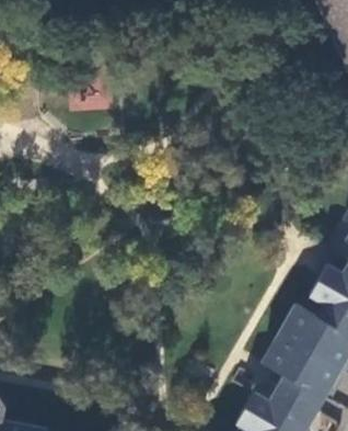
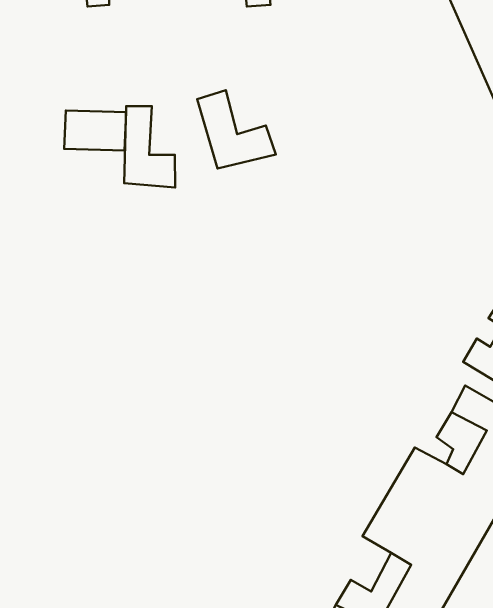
building: none -> [197,90,276,169]
building: none -> [124,106,175,188]

